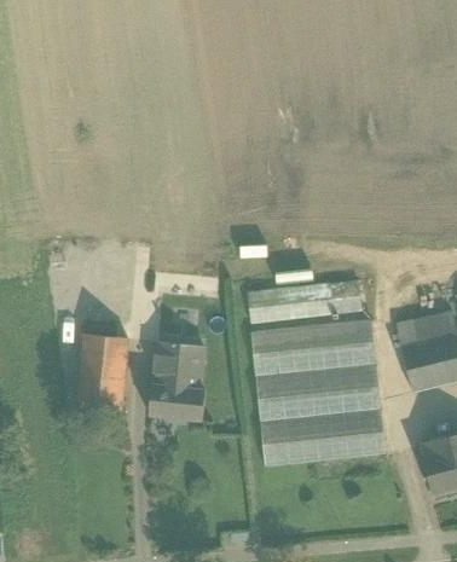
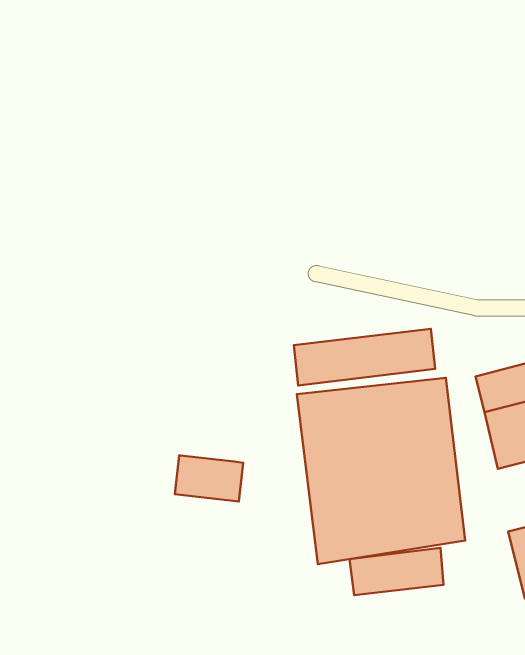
building: [76,331,128,410] -> none
building: [154,338,202,386] -> none
building: none -> [350,548,443,595]

